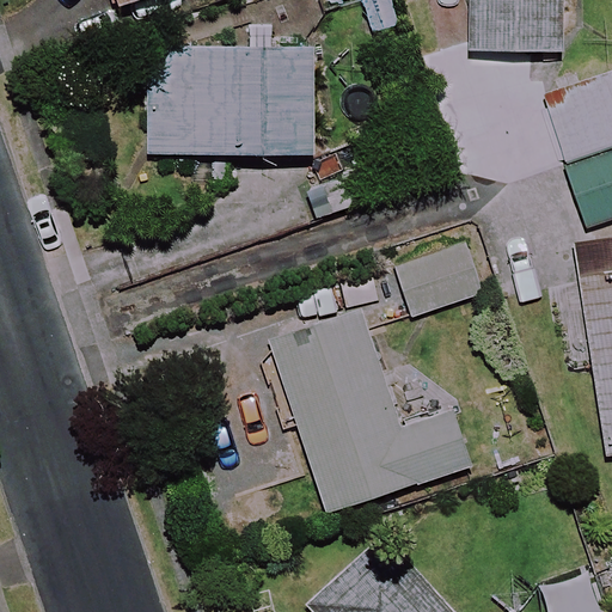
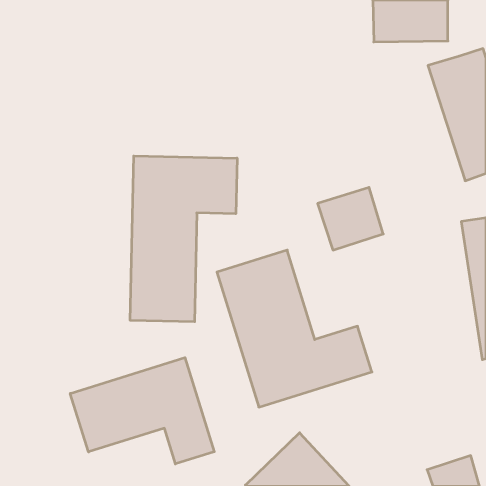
building: [147,47,316,155] -> none
building: none -> [130,156,237,322]
building: none -> [70,358,214,464]

